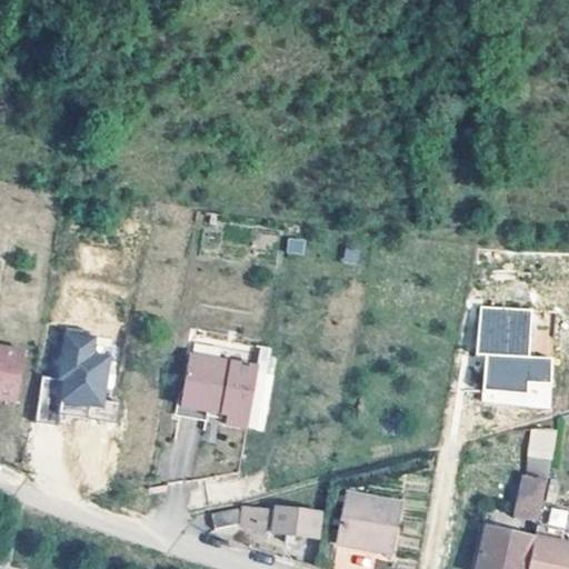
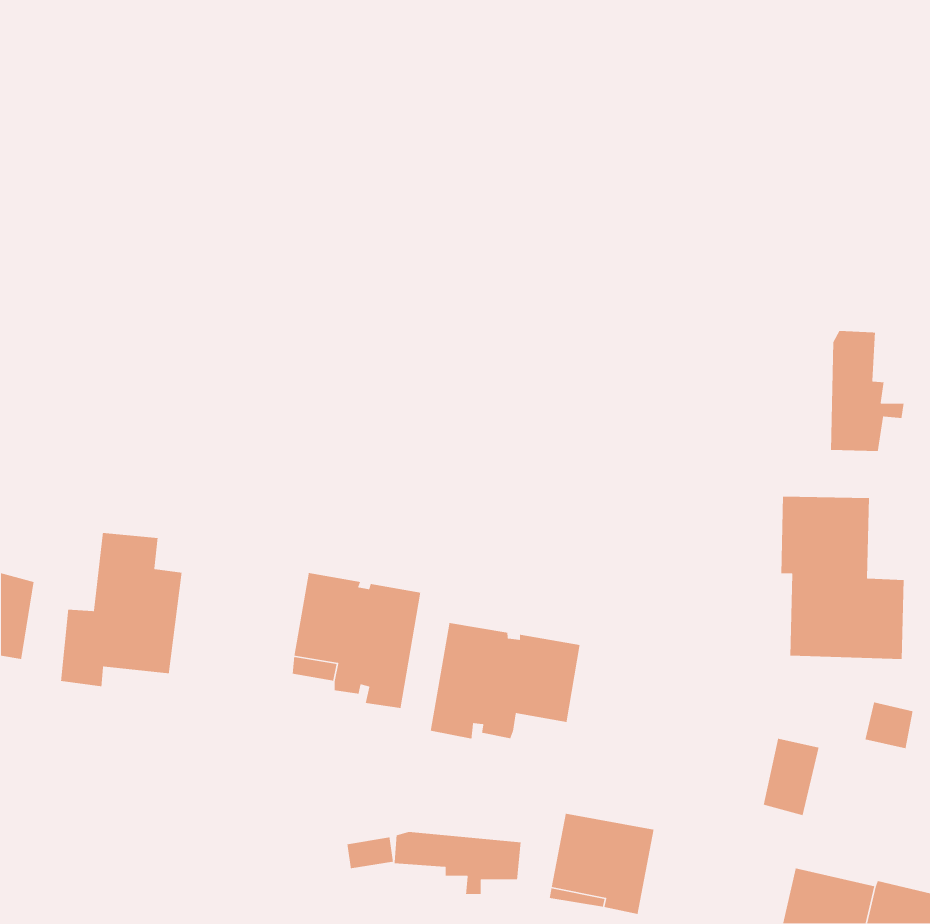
building: none -> [830,330,905,452]
building: none -> [430,622,581,739]
building: [513,476,548,523] -> [763,738,820,816]

